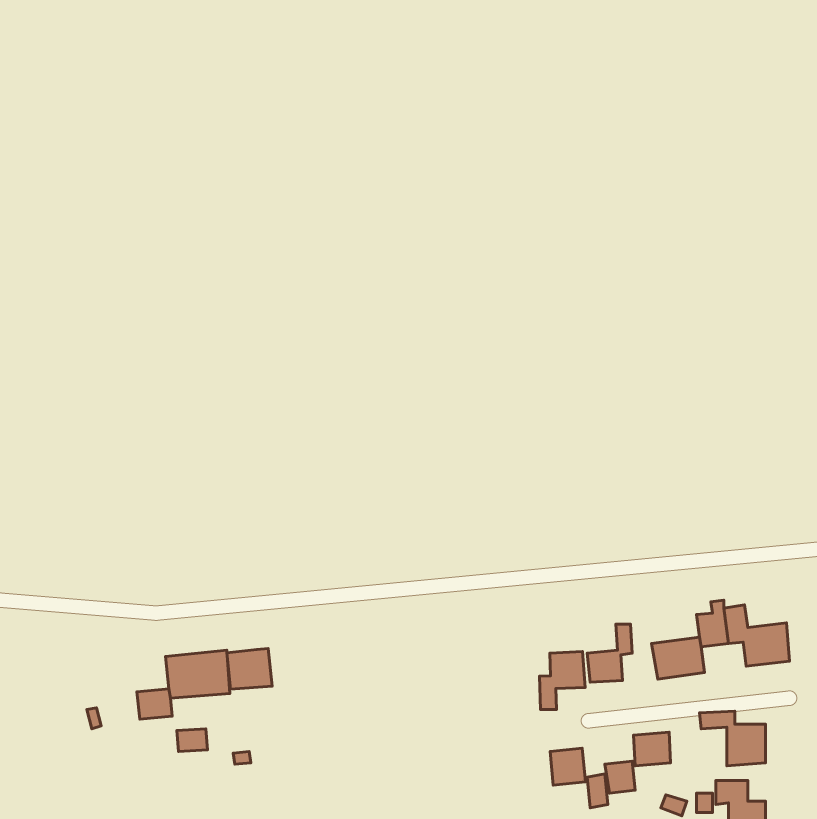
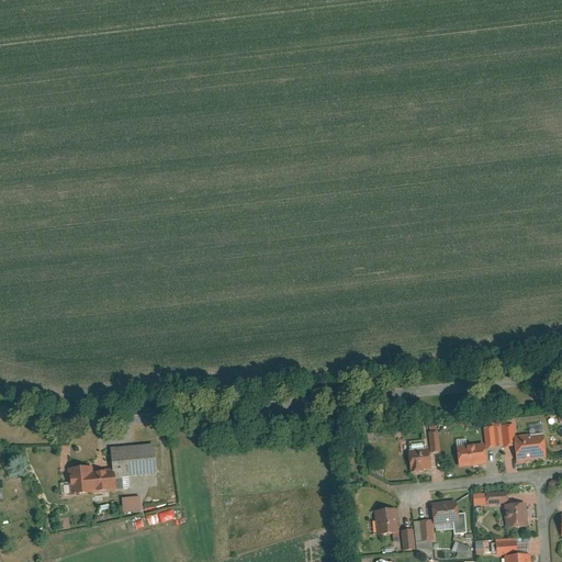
building: [227,649,272,689] -> none
building: [540,651,585,710] -> none
building: none -> [74,469,99,495]

